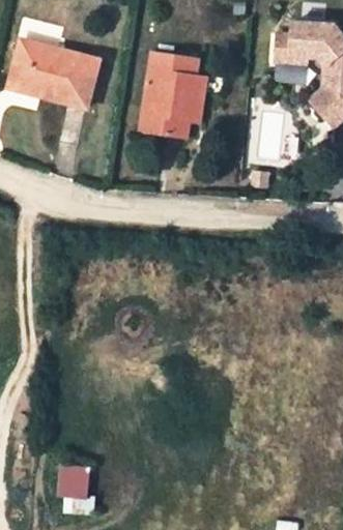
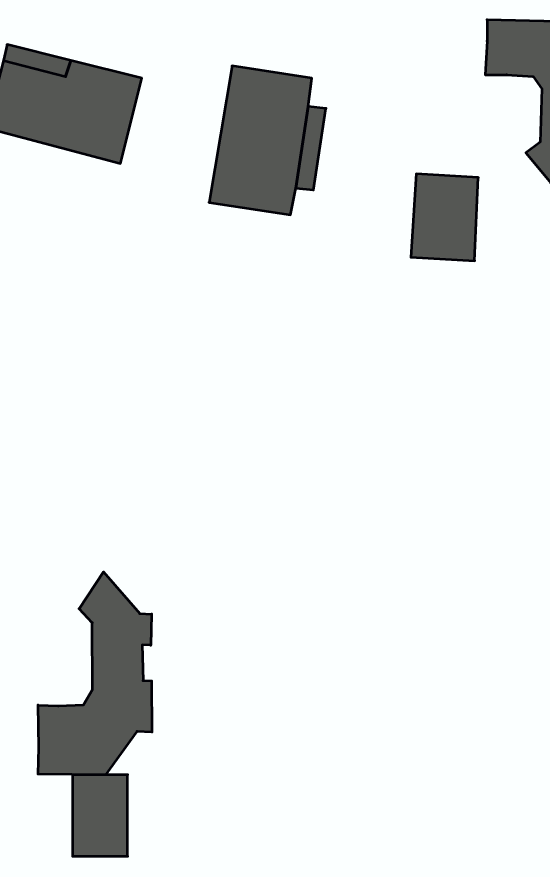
building: [275,34,311,68] -> none
building: none -> [38,572,152,775]

